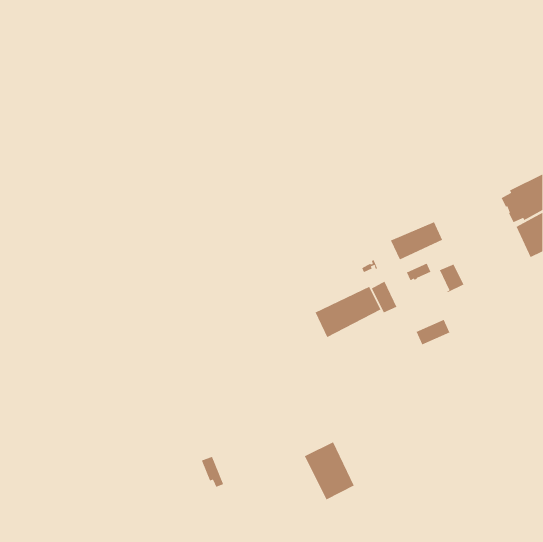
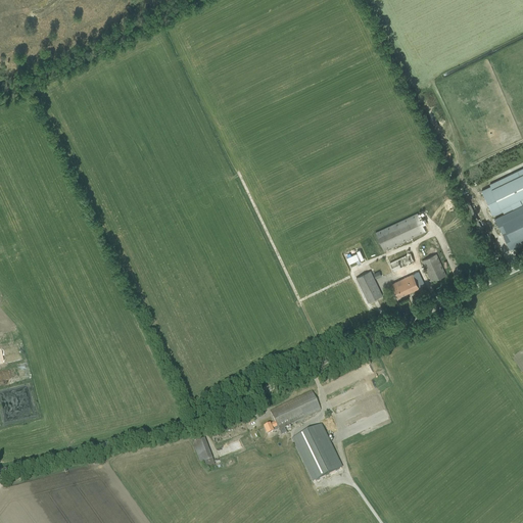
building: [315,286,382,338] -> none
building: [415,319,450,345] -> [391,271,425,296]
building: none -> [264,391,321,434]

